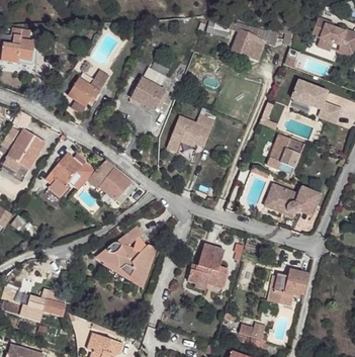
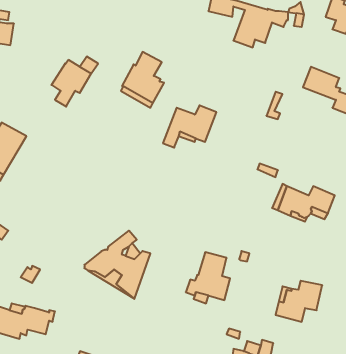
building: [266,133,304,174] -> none
building: [46,153,86,196] -> none
building: [87,158,136,203] -> none

